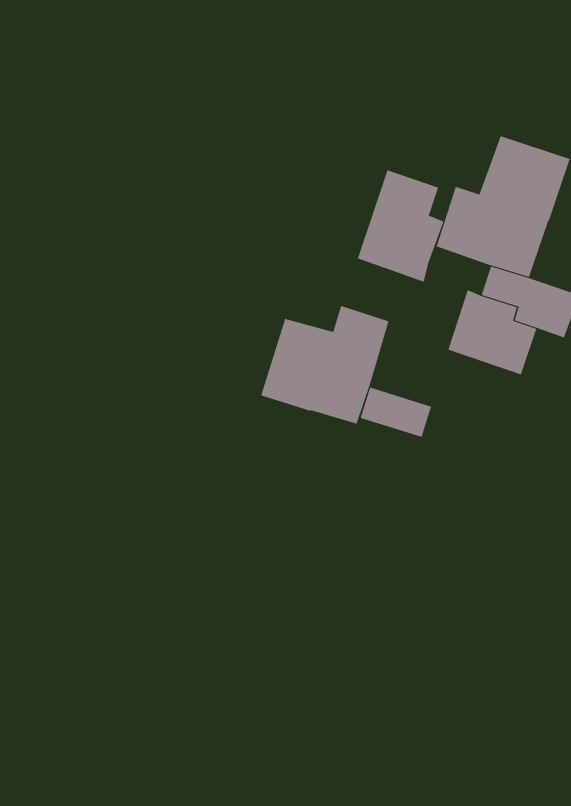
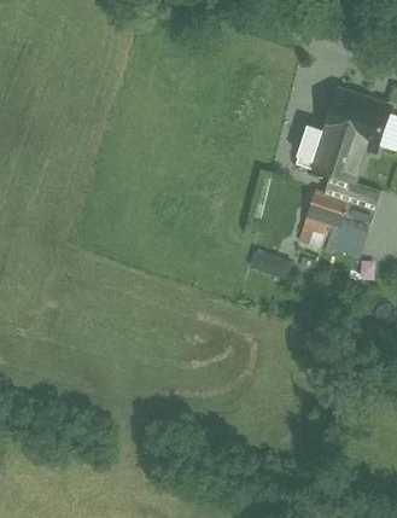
building: [357,169,444,283] -> none
building: [260,305,389,425] -> none

